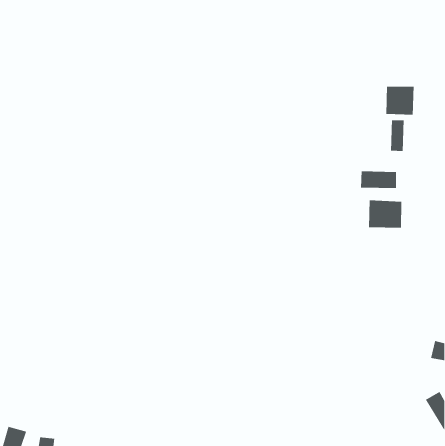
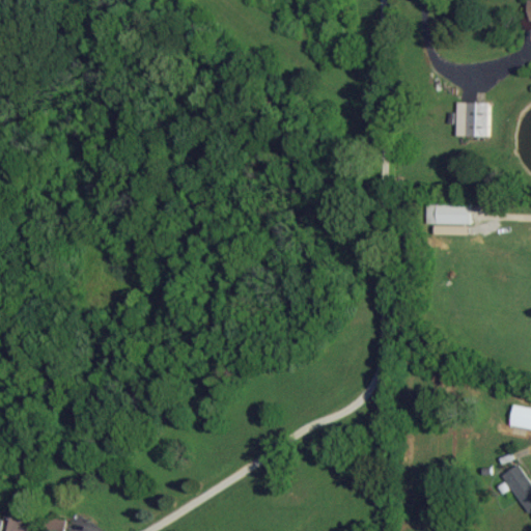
building: [390,119,404,152] -> none
building: [368,199,402,229] -> none

